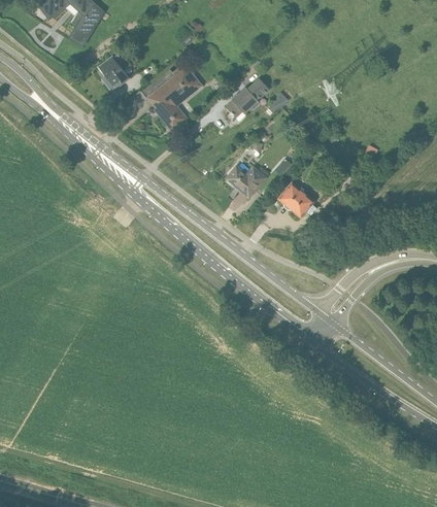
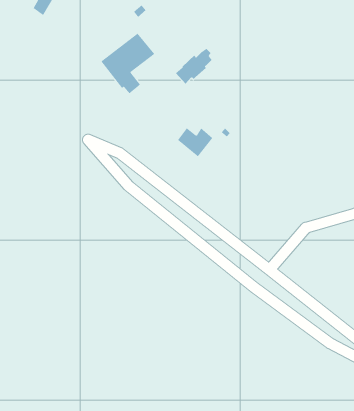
building: [99,55,131,87] -> none
building: [277,181,315,216] -> none

